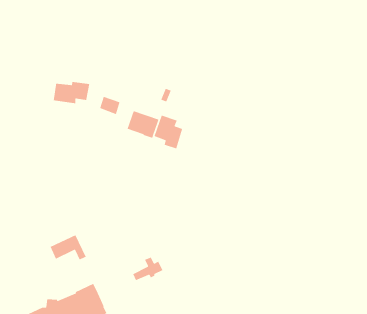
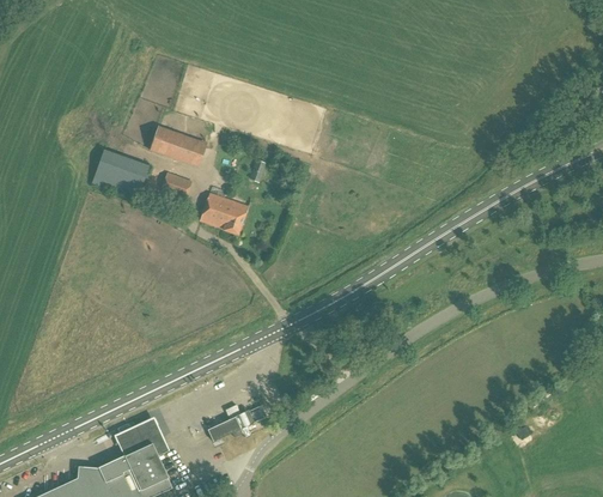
building: none -> [150,126,208,169]
building: [154,115,183,150] -> none
building: [50,234,87,261] -> [116,418,170,456]

